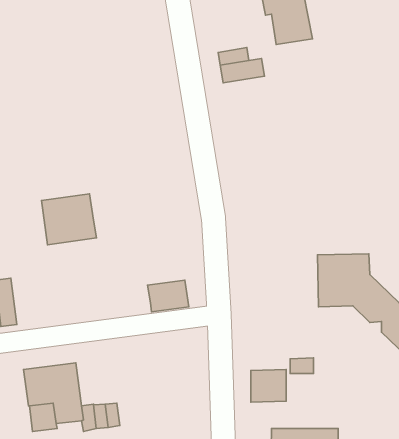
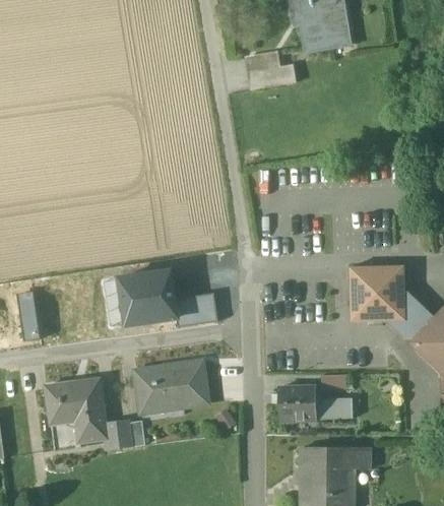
building: [41,194,97,245] -> [120,271,177,324]
building: none -> [136,367,208,407]
building: none -> [317,397,353,419]

